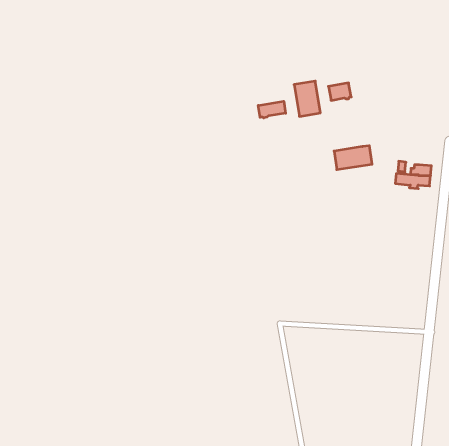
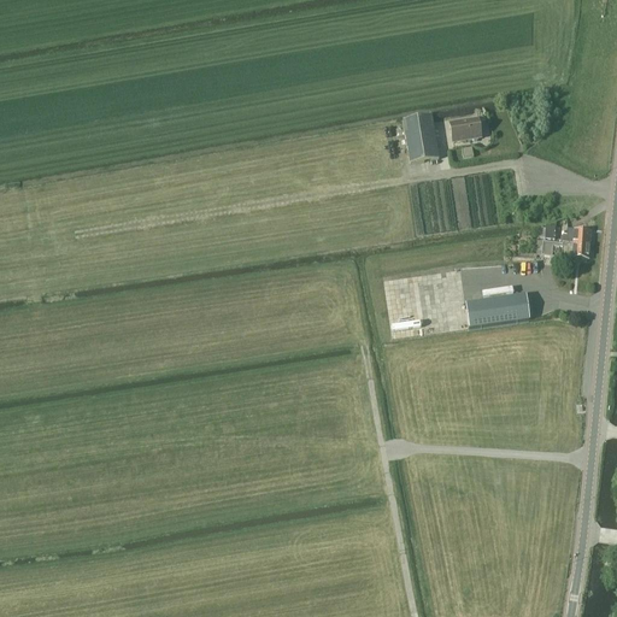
building: [258,101,286,118] -> none
building: [334,146,372,170] -> [466,293,518,325]

